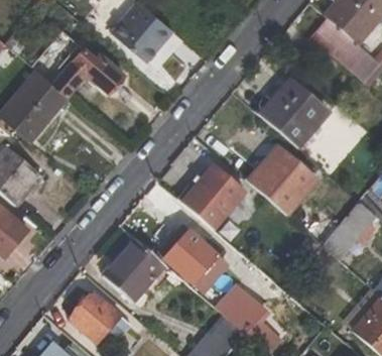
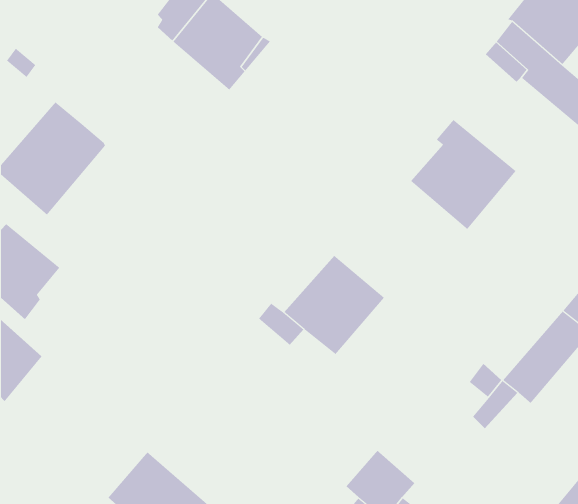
building: [53,34,125,94] -> none
building: [248,147,316,216] -> none
building: [164,231,219,290] -> none
building: [103,239,164,302] -> none

